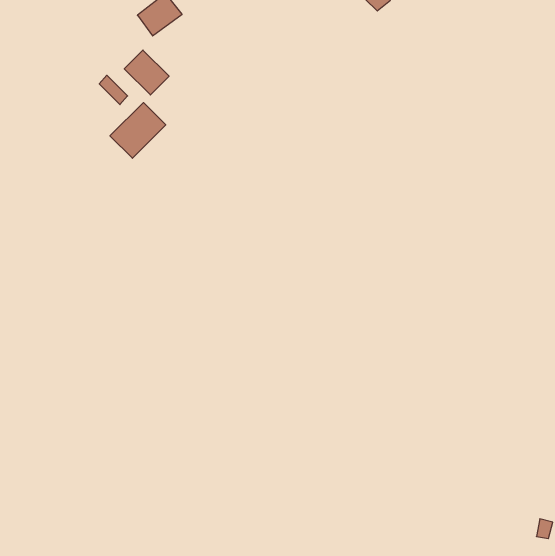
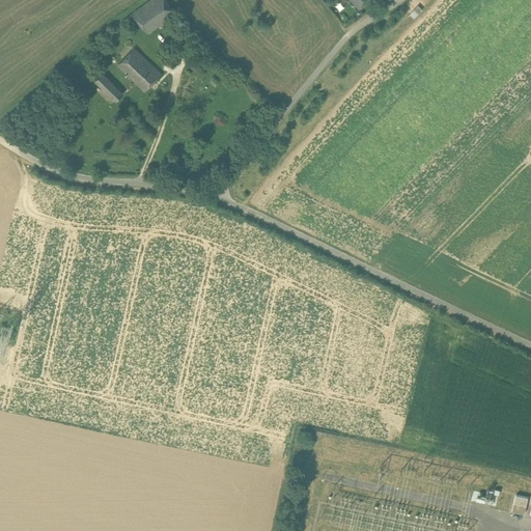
building: [110,103,166,158] -> none

